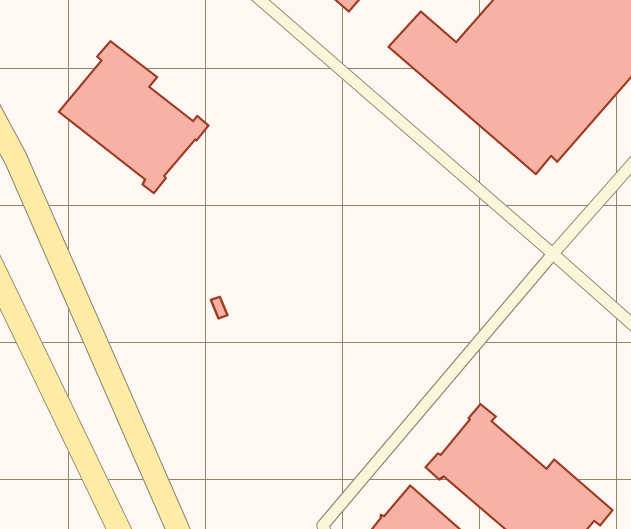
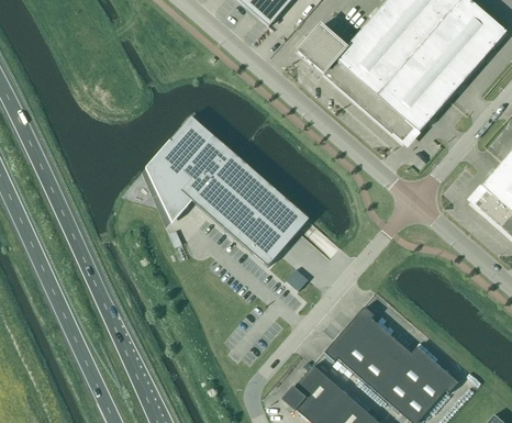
building: [59,41,208,193] -> none
building: none -> [153,114,309,265]

